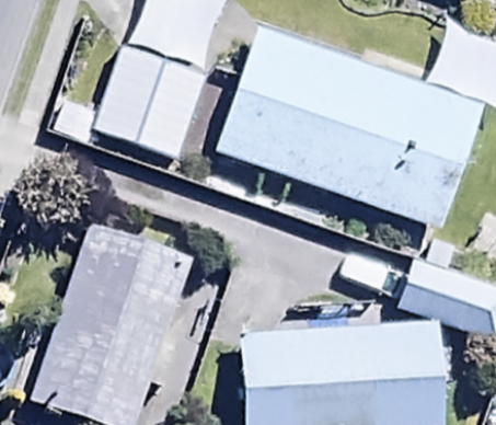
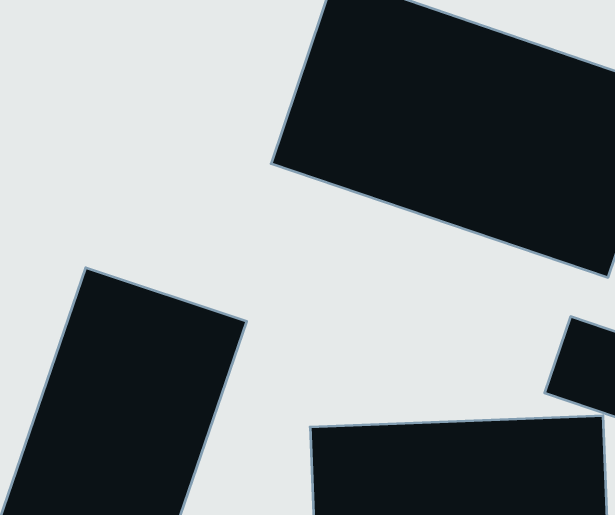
building: [96,47,203,151] -> none

